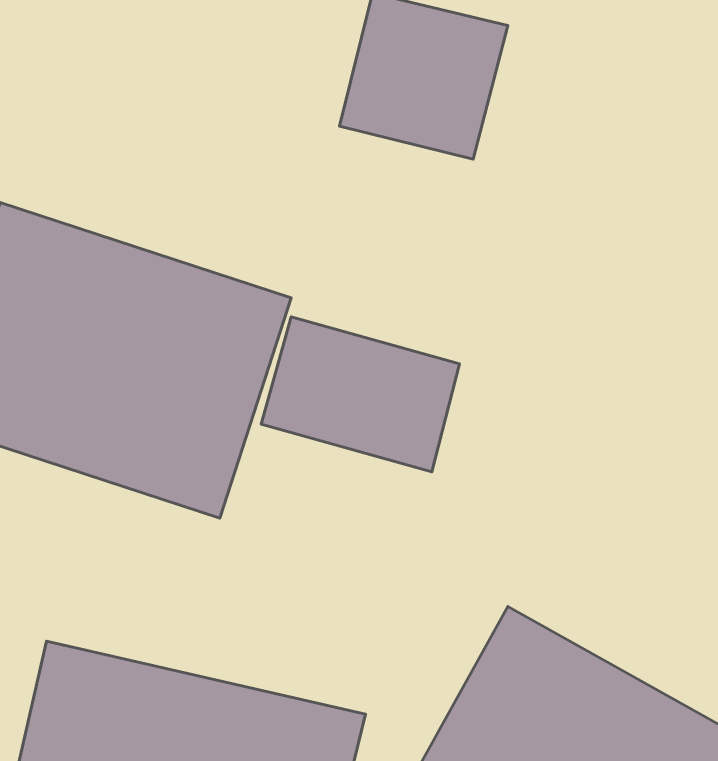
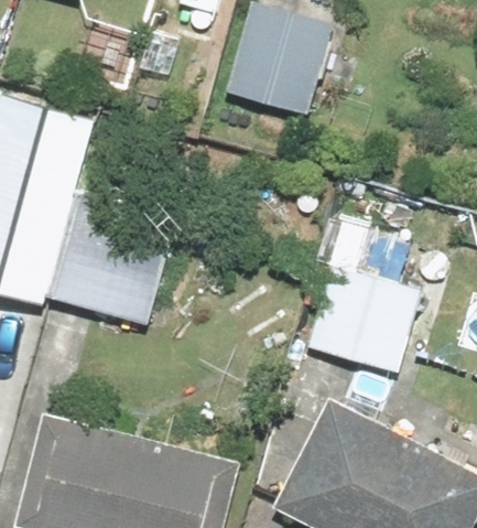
building: [261,317,460,472] -> none
building: none -> [307,263,418,371]

